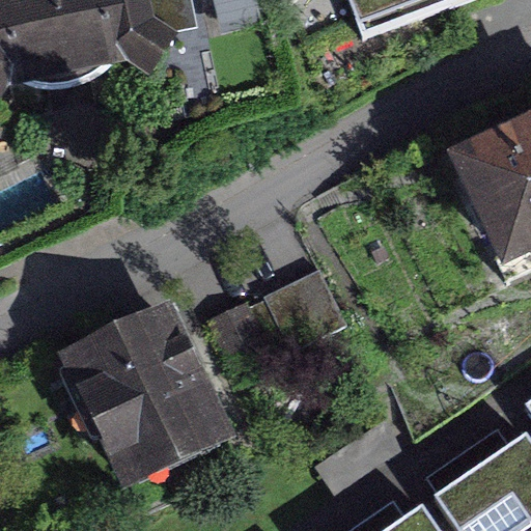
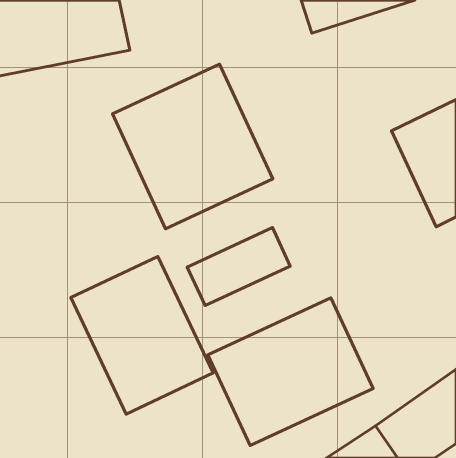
building: none -> [112,64,273,229]
building: none -> [208,298,373,445]

